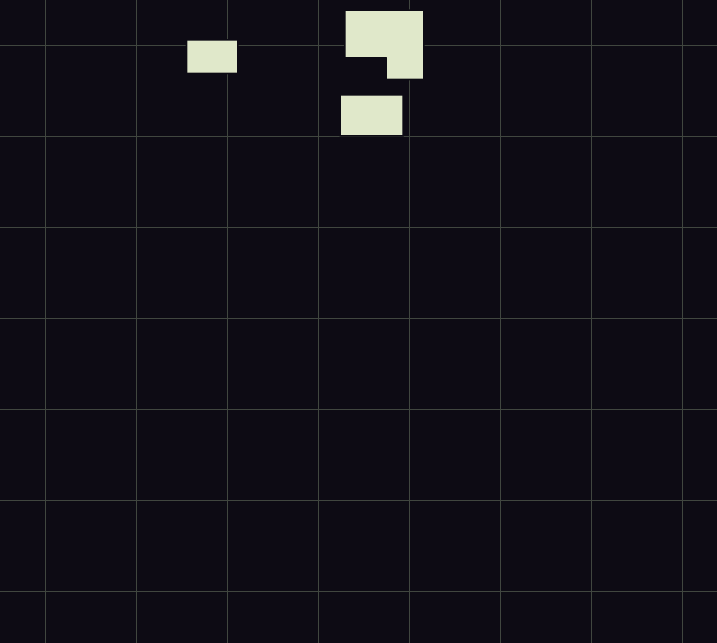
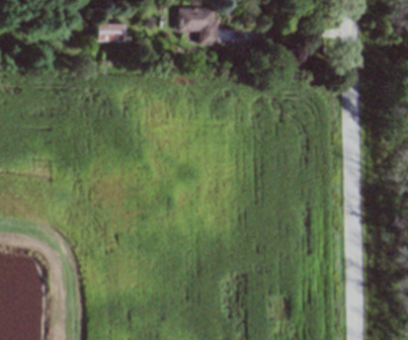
building: [340,95,403,136] -> none

